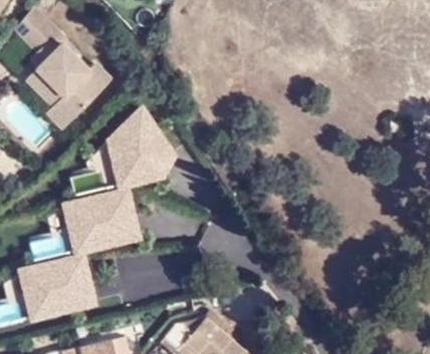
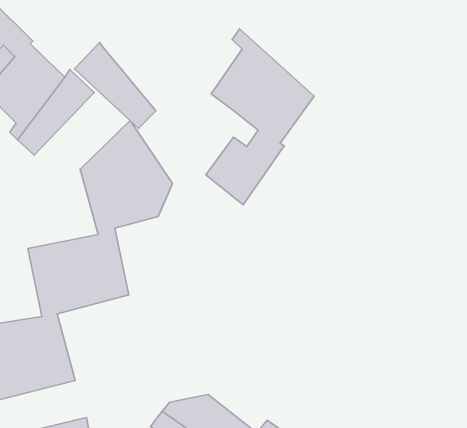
building: none -> [206,29,314,205]
building: none -> [75,42,156,129]

